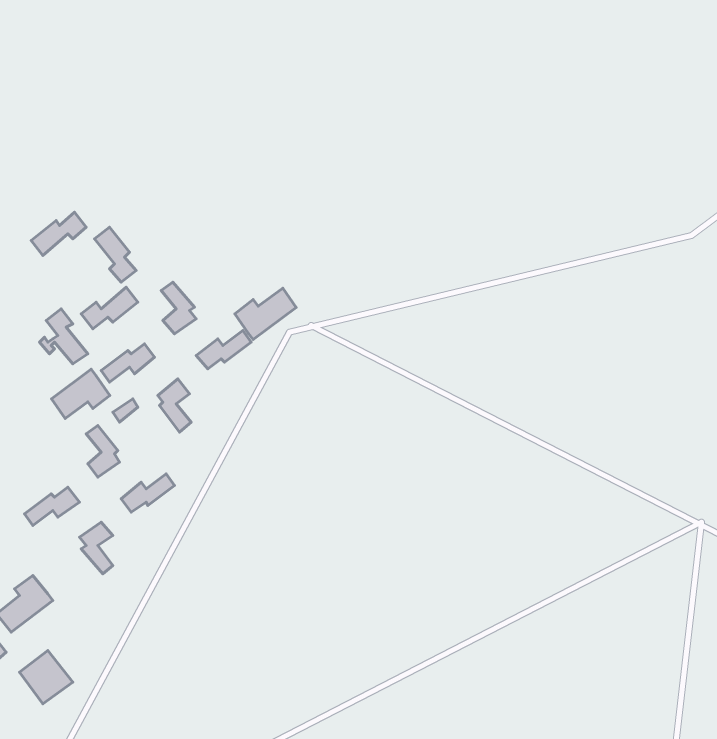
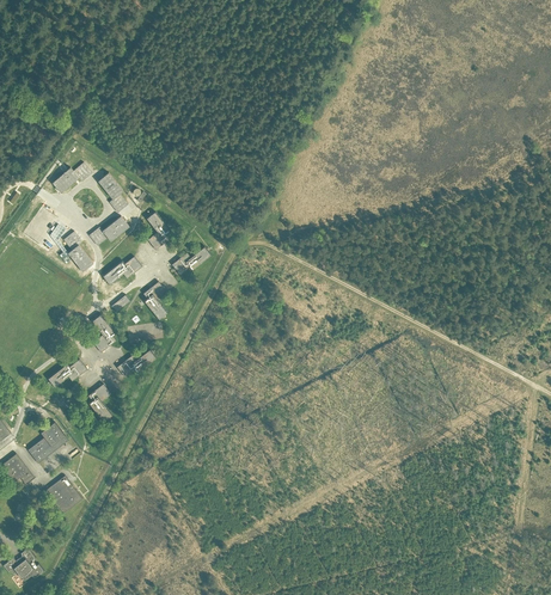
building: [235,288,296,340] -> none
building: [52,369,110,418] -> none

